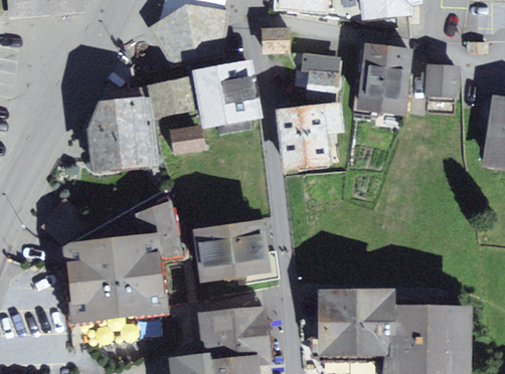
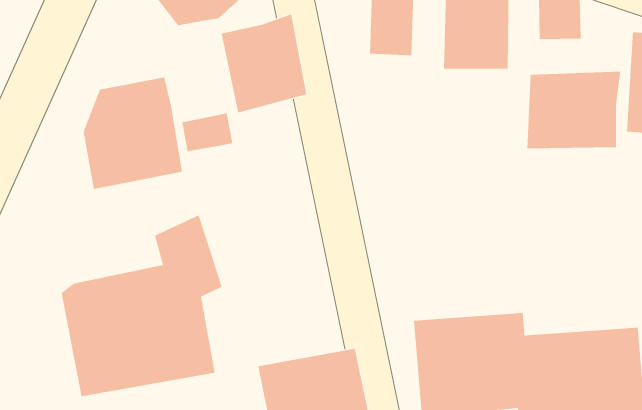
building: [151,77,197,119] -> none
building: [273,104,343,172] -> none
building: none -> [527,71,621,149]
building: [189,221,263,284] -> none

